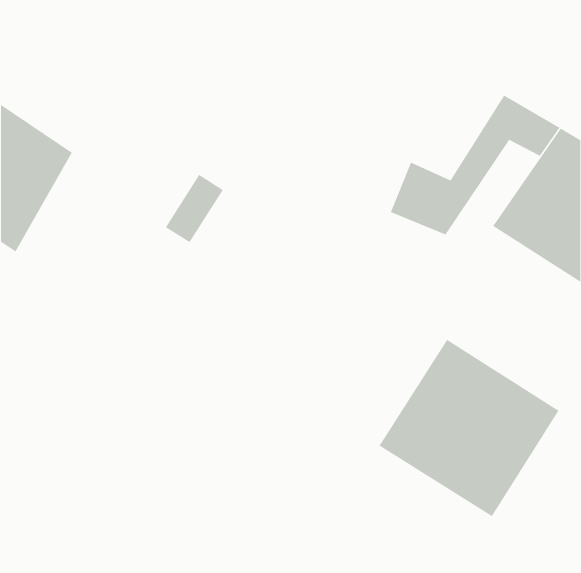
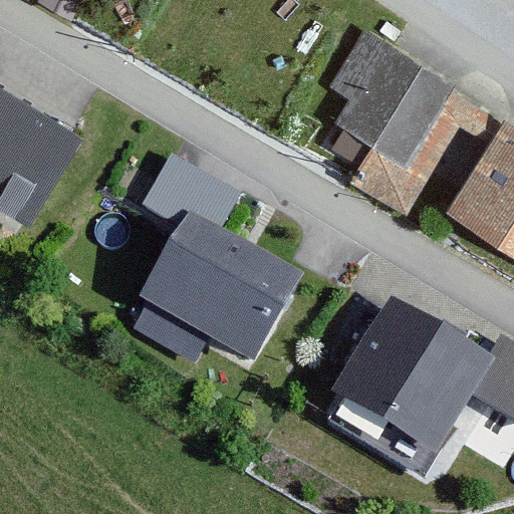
building: none -> [330,42,445,159]
building: none -> [144,213,300,356]

